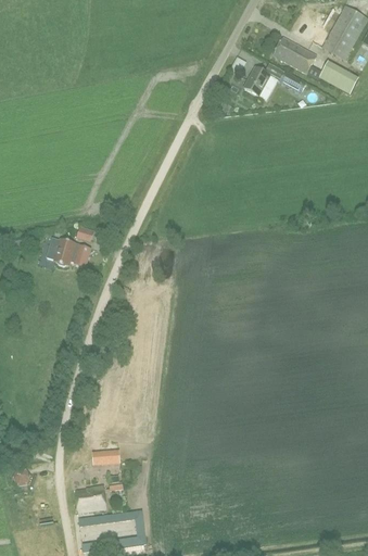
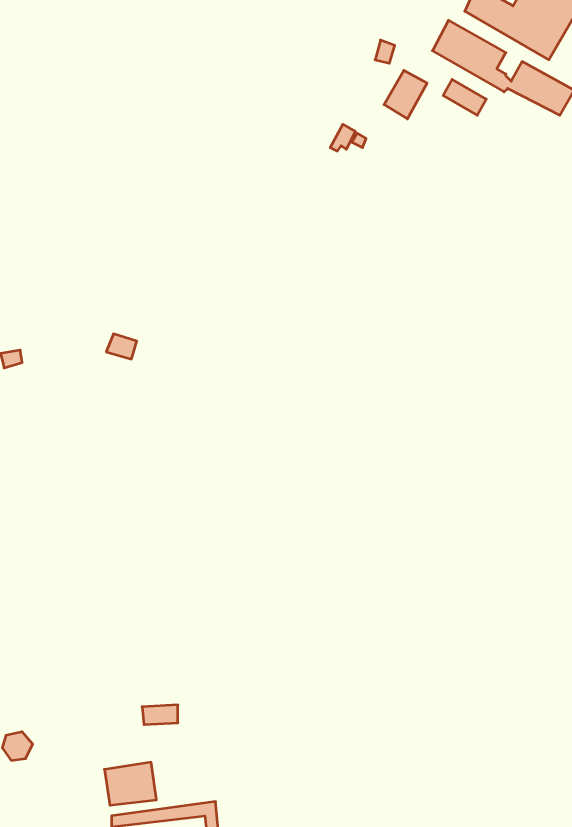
building: [45,237,90,266] -> none

